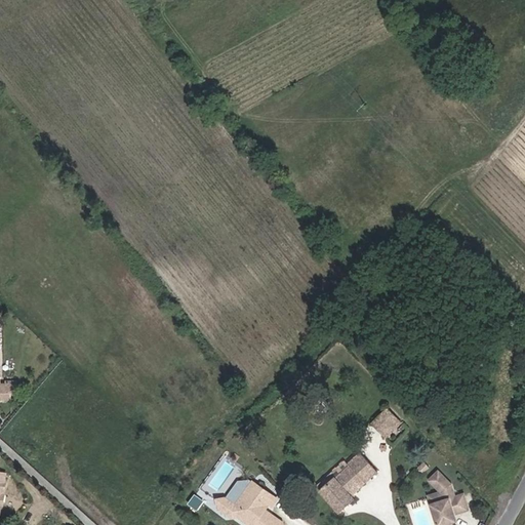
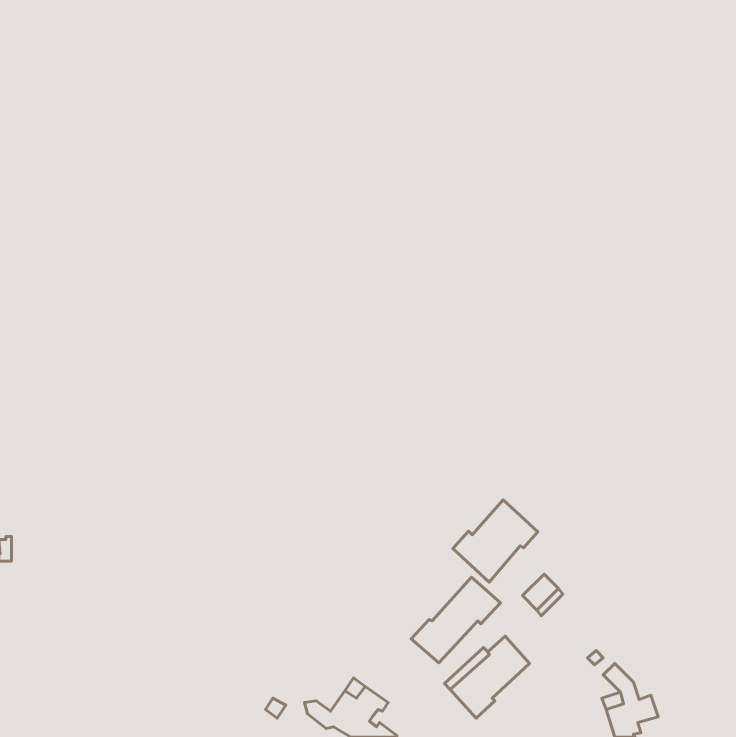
building: none -> [453,500,538,582]
building: none -> [411,577,500,663]

